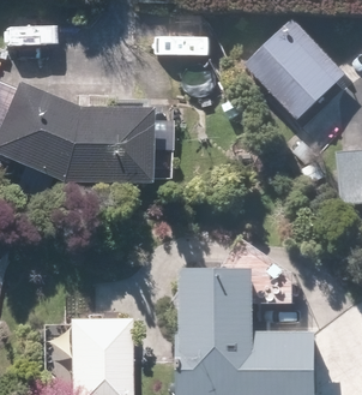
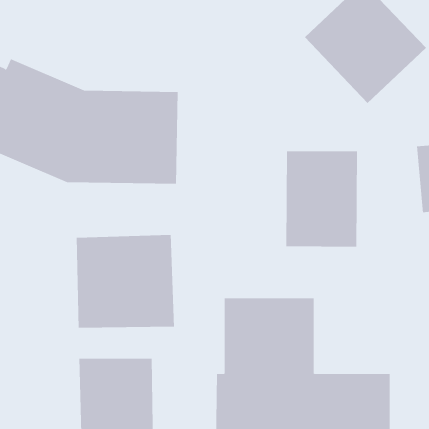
building: none -> [286,150,357,247]
building: none -> [76,234,174,328]

